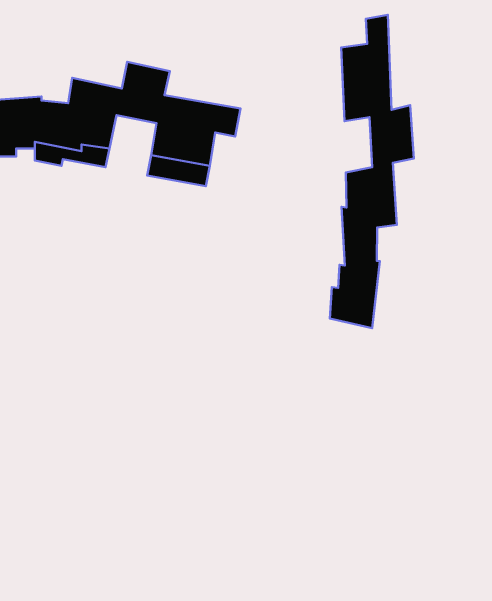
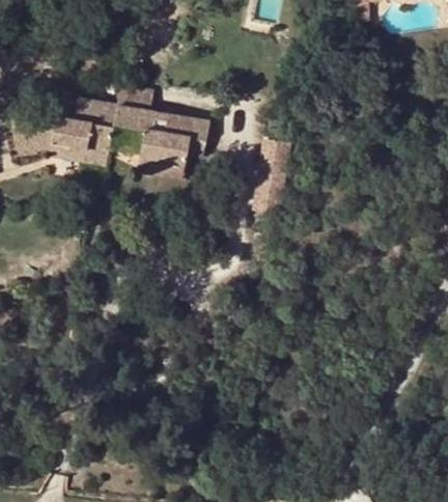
building: [330,15,414,328] -> none

